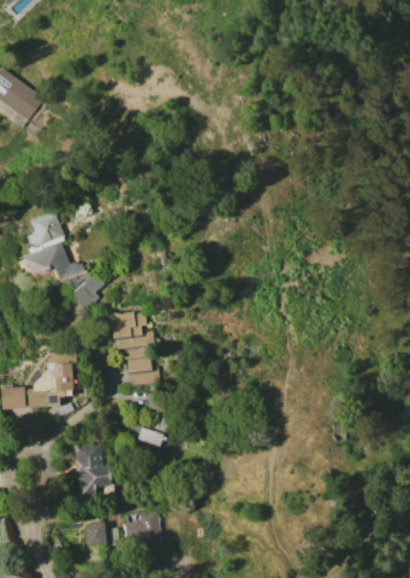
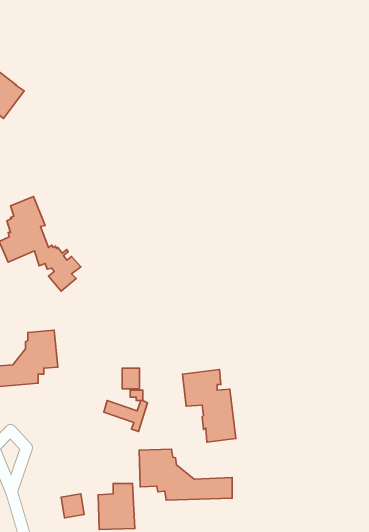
building: [105,309,160,385] -> [183,369,236,442]
building: [72,442,113,500] -> none
building: none -> [139,449,232,500]

